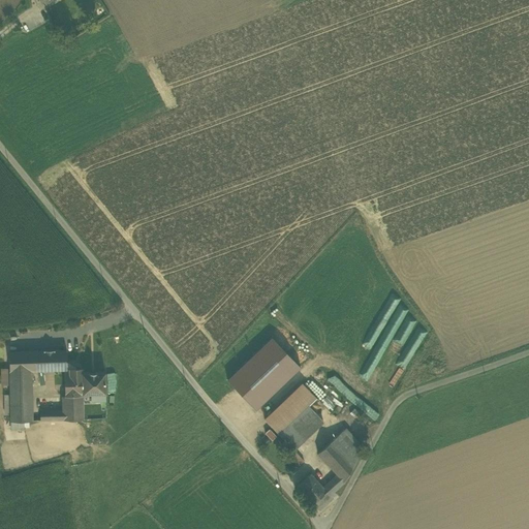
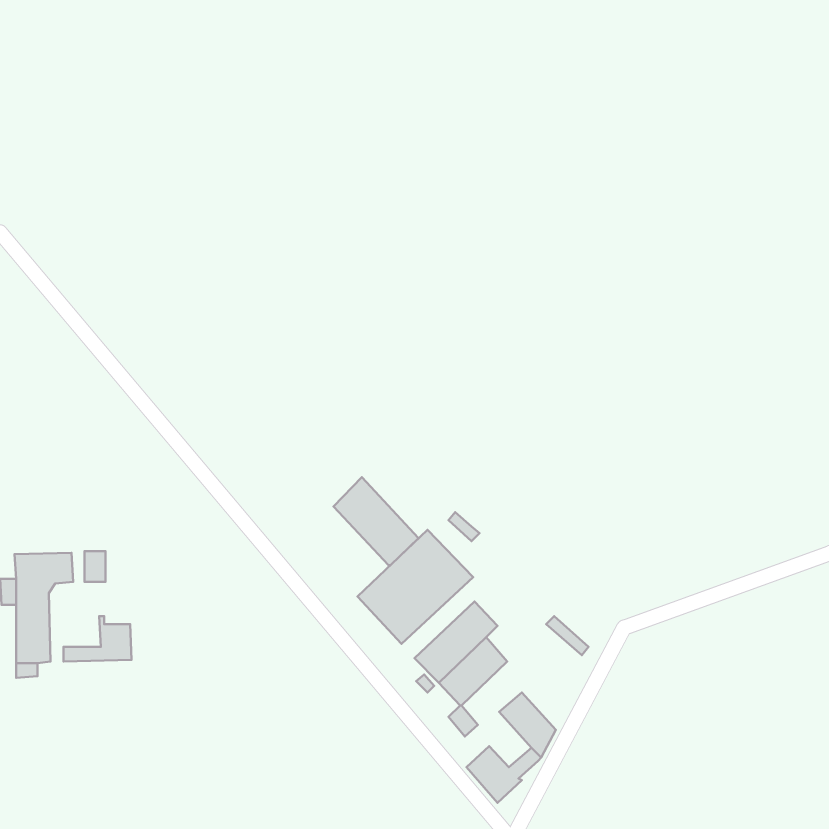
building: none -> [334,477,418,565]
building: [67,374,106,398] -> none
building: [333,429,364,465] -> none

